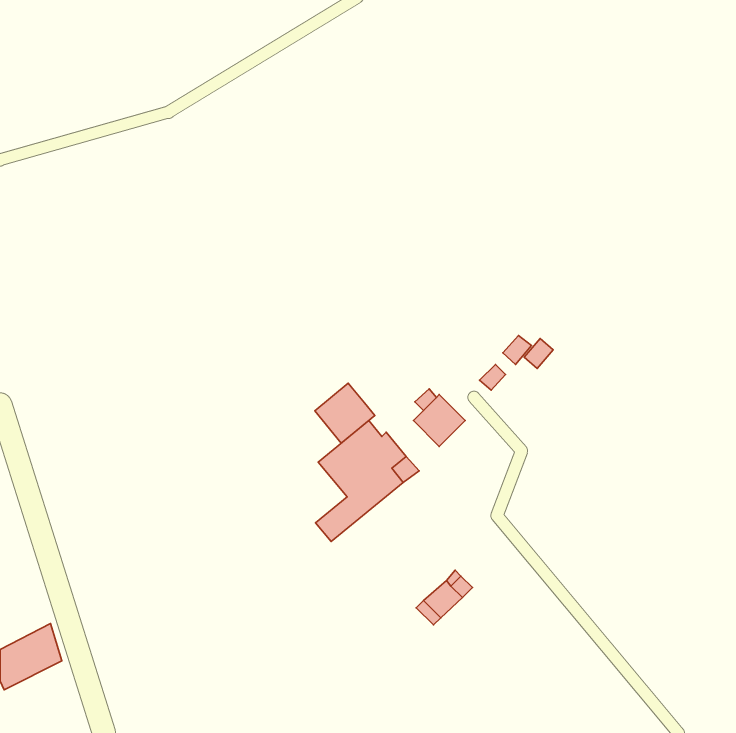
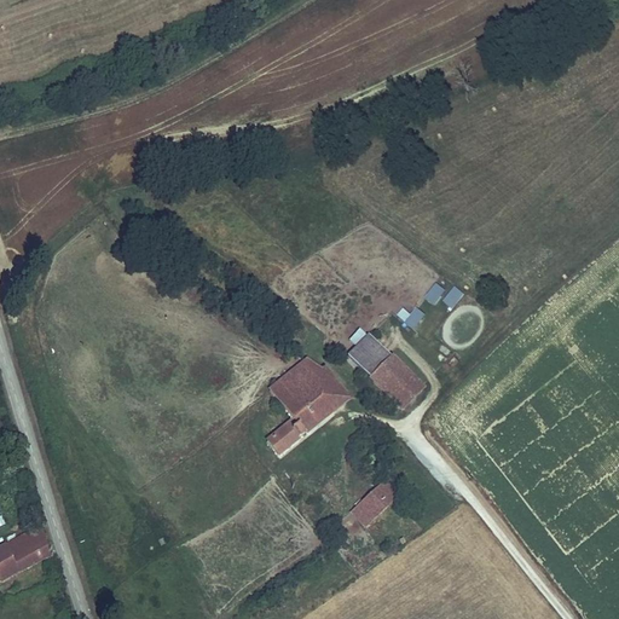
building: [315,383,375,443] -> none
building: none -> [368,352,426,410]

